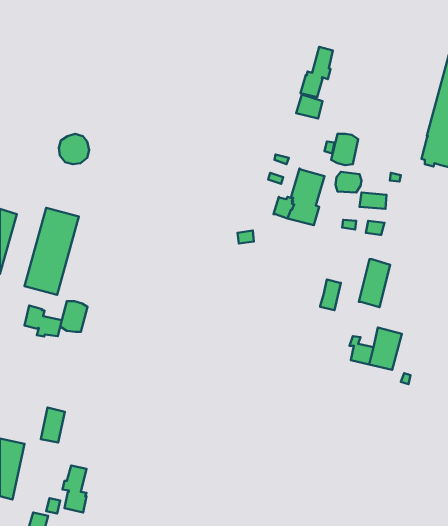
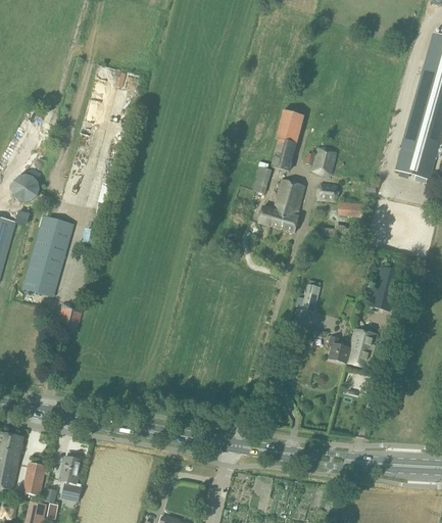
building: [300,47,333,97] -> none
building: none -> [271,137,296,170]
building: [59,134,89,164] -> [11,173,40,201]
building: [359,259,390,307] -> [371,265,400,310]
building: [24,306,62,337] -> none
building: [41,408,65,442] -> [22,461,45,493]

